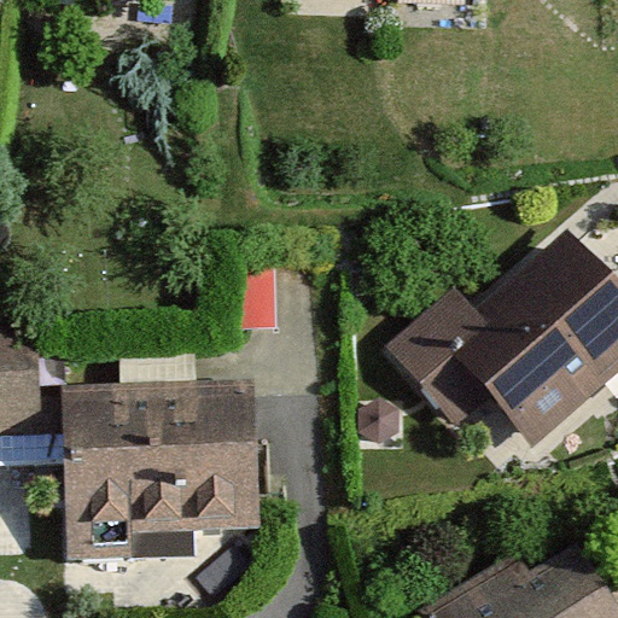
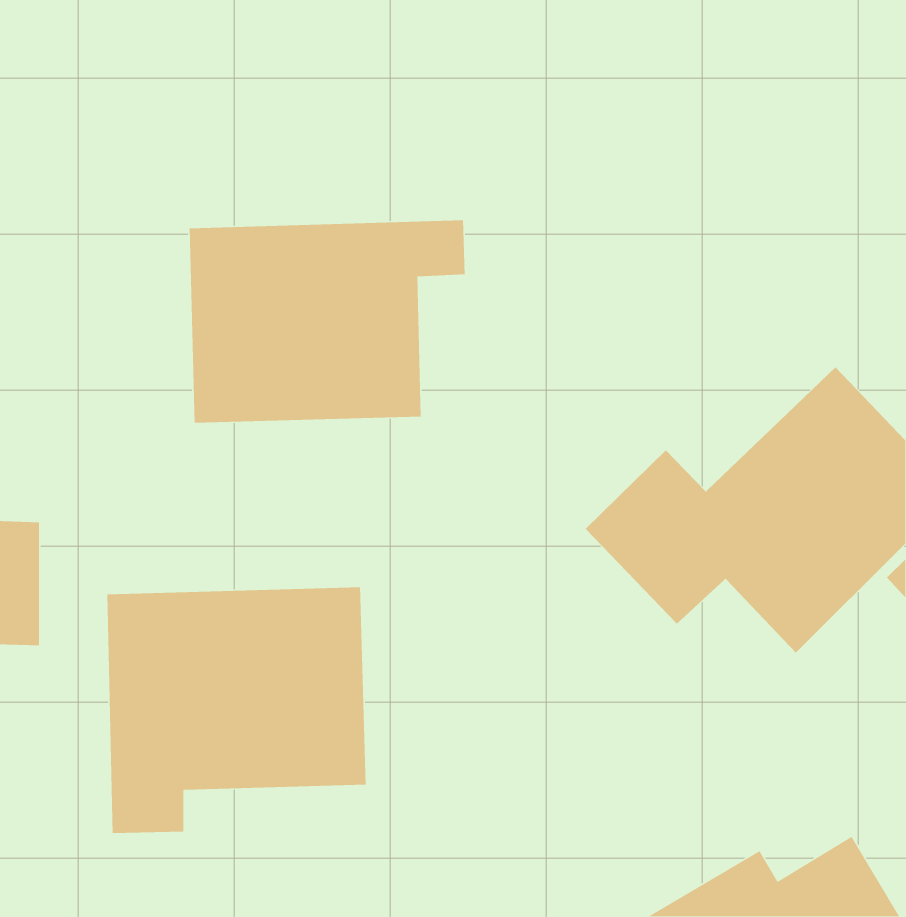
building: none -> [189,219,466,423]

